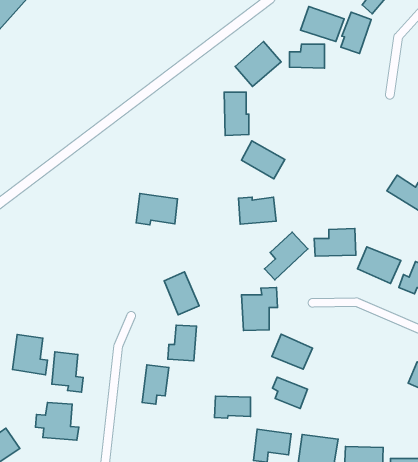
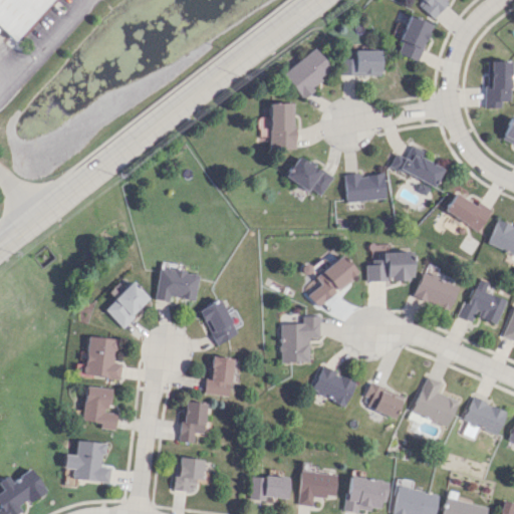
building: [300,6,344,42] -> none
building: none -> [389,145,444,187]
building: [136,193,178,225] -> [155,267,200,301]
building: [238,197,276,224] -> [345,173,387,202]
building: none -> [102,281,149,326]
building: [12,334,47,375] -> [81,335,119,379]
building: none -> [419,375,465,426]
building: [272,377,307,409] -> [372,383,411,418]
building: [214,396,250,418] -> [251,476,290,500]
building: none -> [174,457,203,491]

